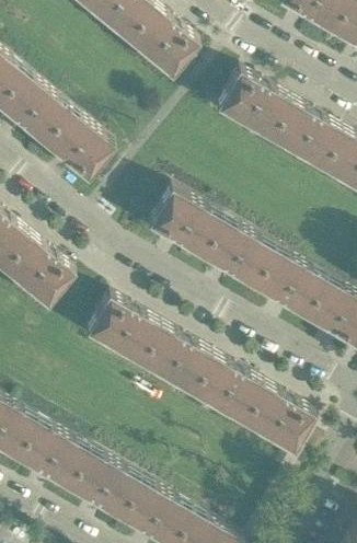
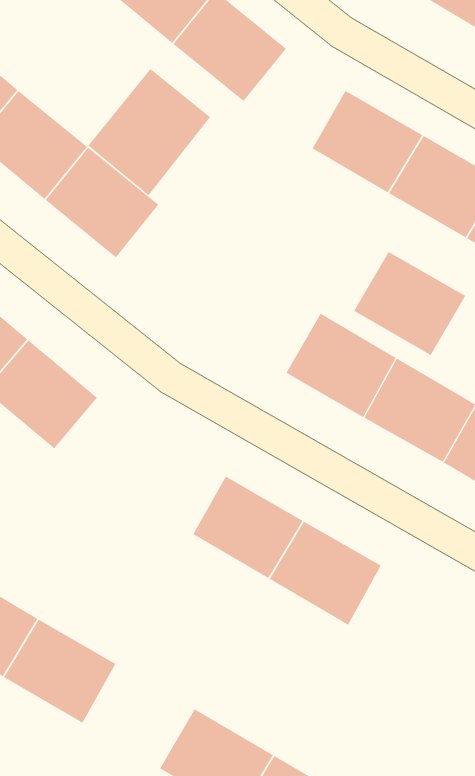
building: none -> [87,68,211,196]
building: [147,187,221,256] -> [353,251,466,356]
building: [85,294,159,362] -> none
building: [240,383,315,453] -> none
building: [65,448,138,517] -> none

